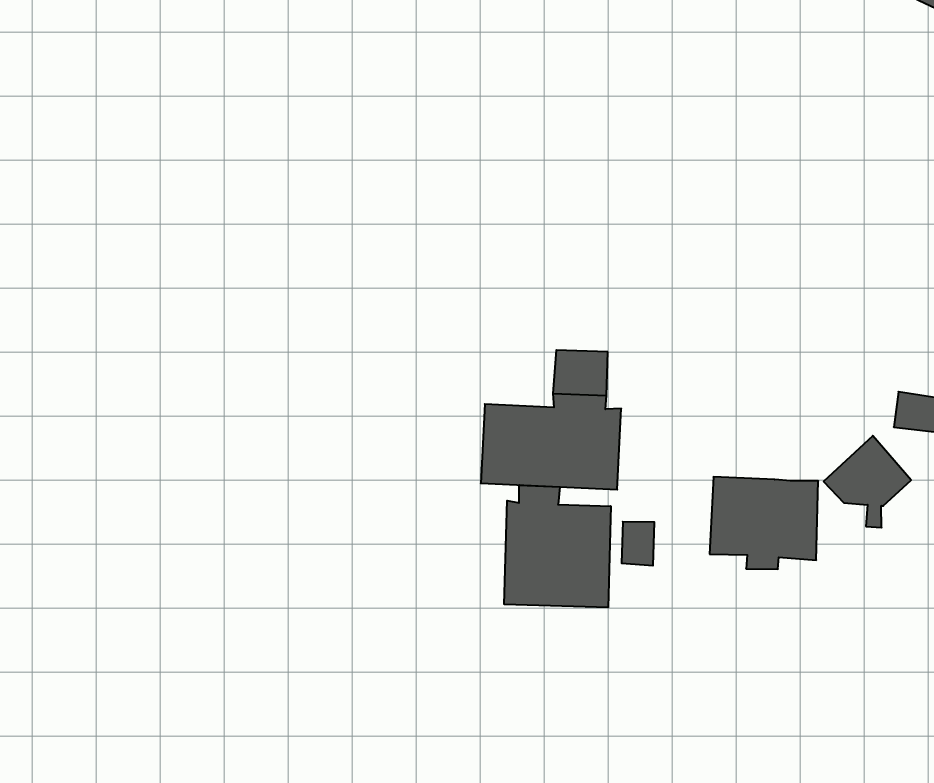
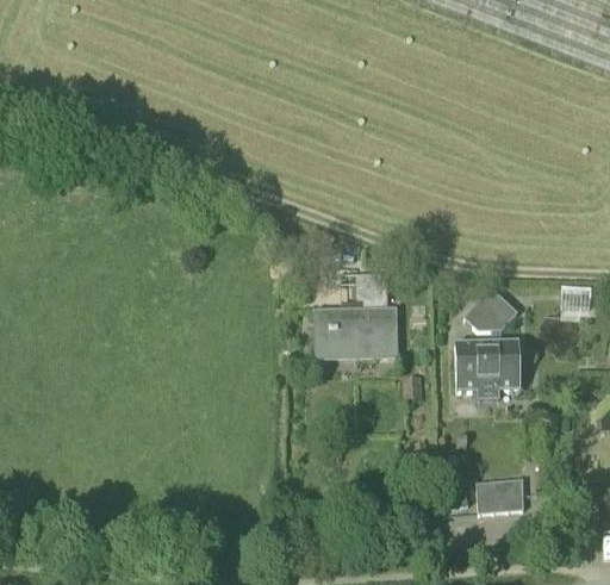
building: [824,436,911,528] -> [465,286,517,341]
building: [504,485,611,607] -> none
building: none -> [477,475,523,510]

